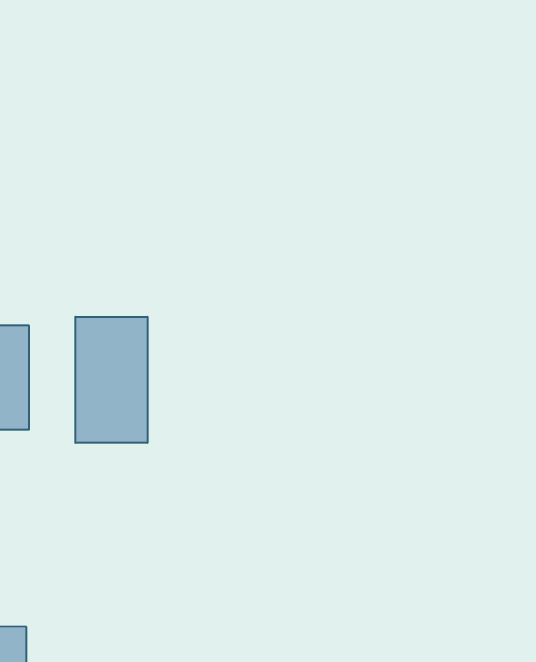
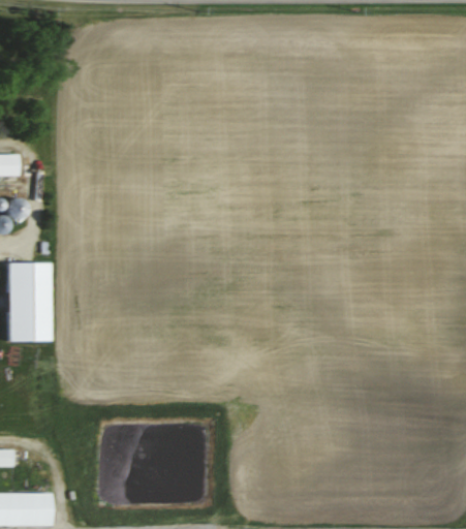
building: [75,317,147,443] -> none

